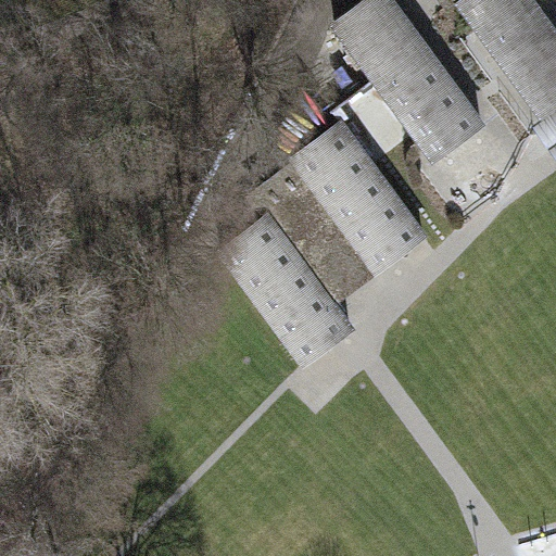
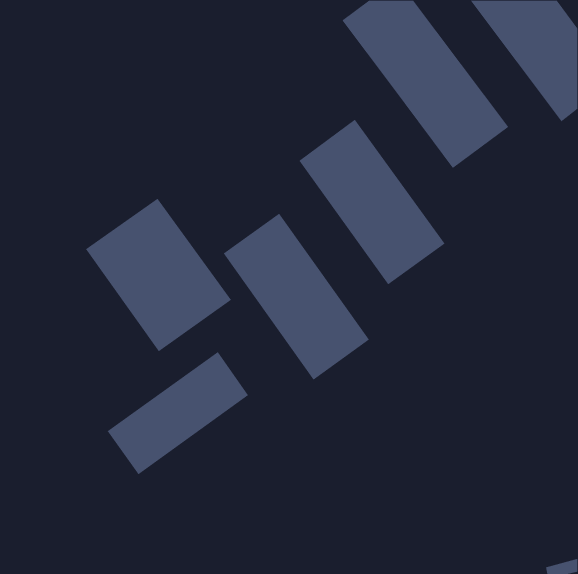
building: none -> [85,198,232,352]
building: none -> [107,351,249,475]

